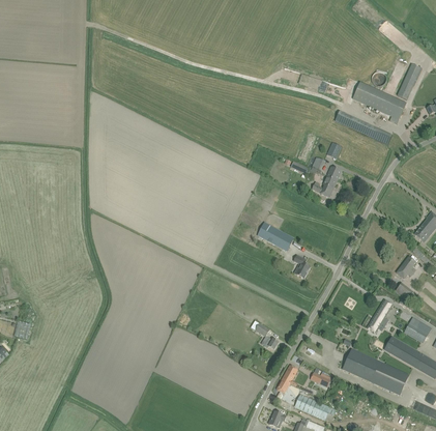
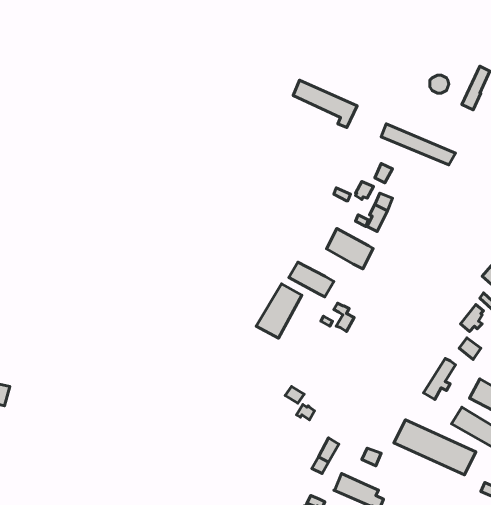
building: [353,85,405,123] -> [293,80,357,128]
building: none -> [326,228,373,269]
building: none -> [256,284,302,338]

